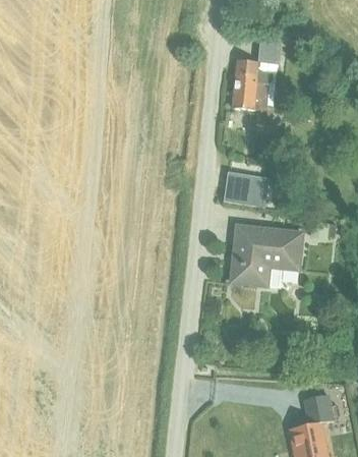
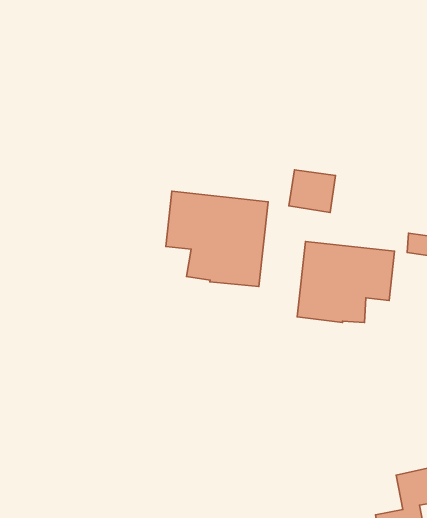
building: [233,53,278,124] -> none
building: none -> [166,191,268,287]

